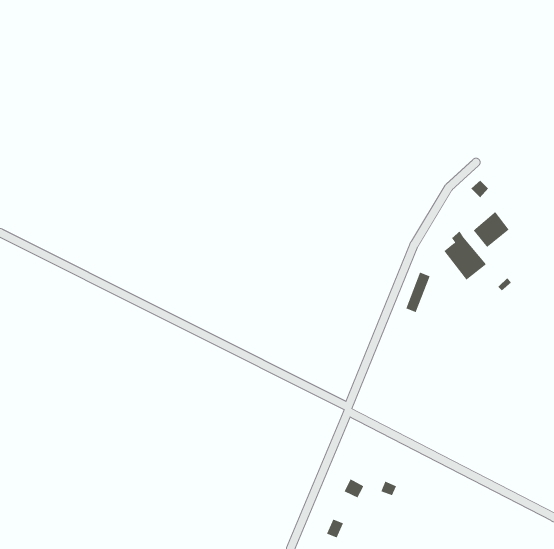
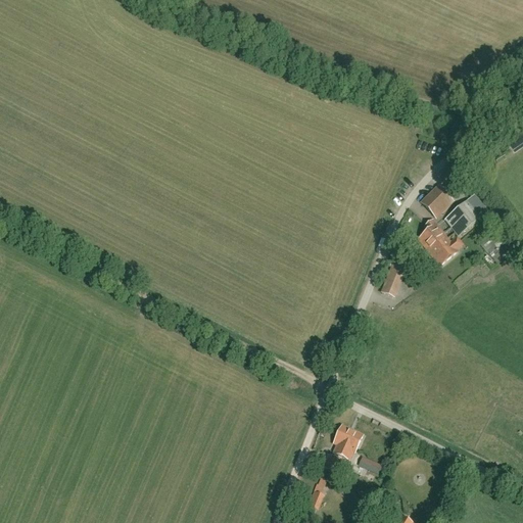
building: none -> [421,183,454,217]
building: none -> [334,424,363,459]

